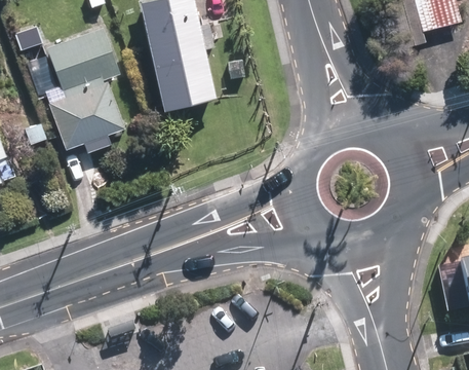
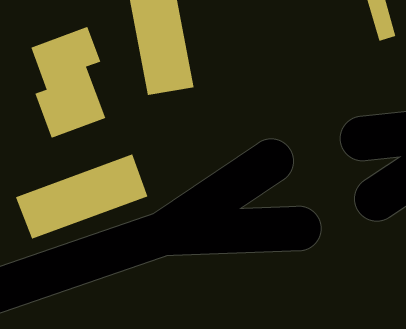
building: none -> [15,153,148,240]

